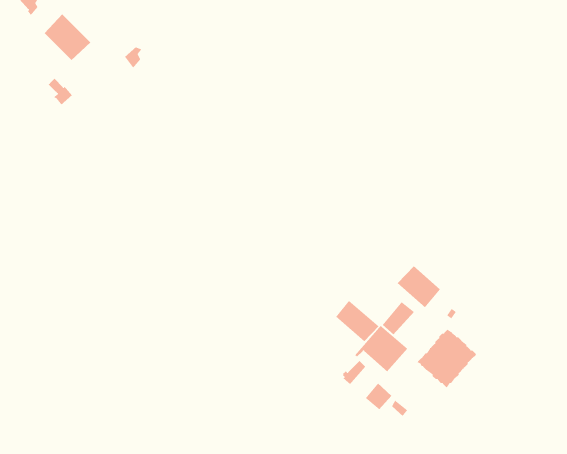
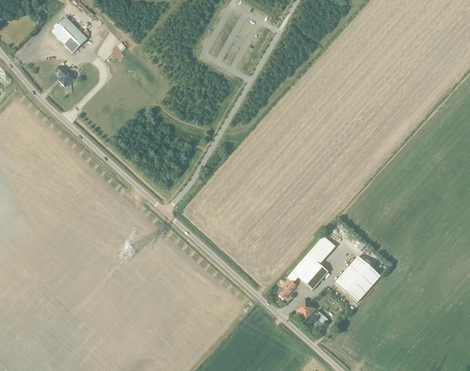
building: [397,265,441,308] -> none
building: [335,300,379,342] -> none

